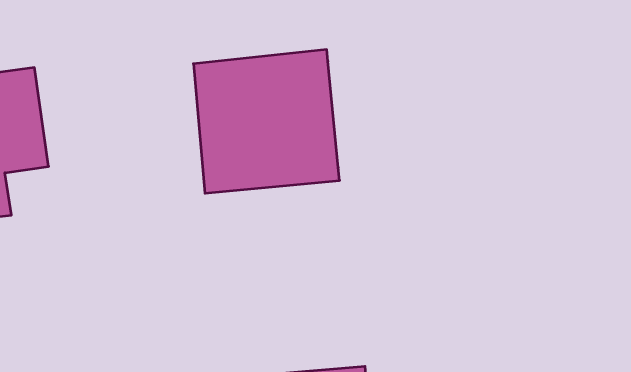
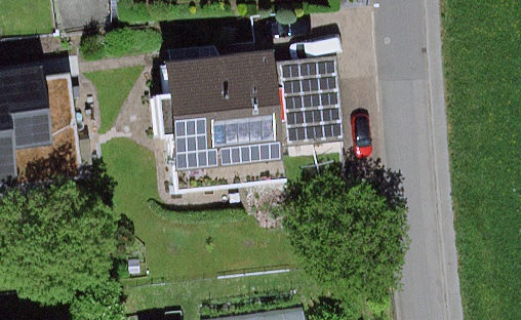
building: none -> [273,56,348,149]

